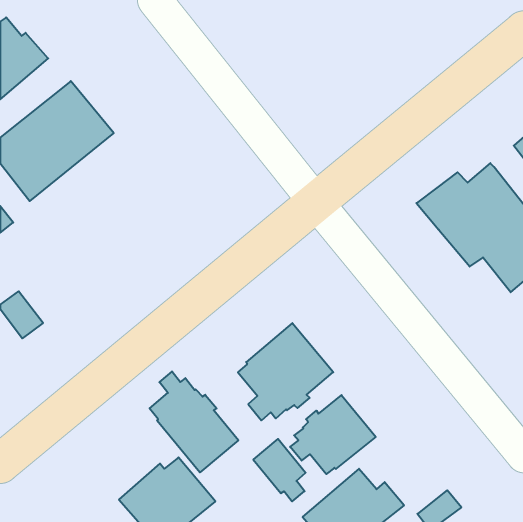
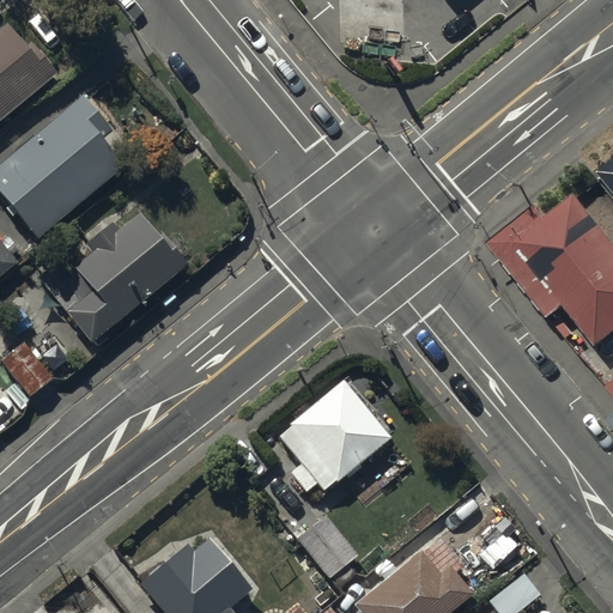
building: none -> [42,211,186,342]
building: [150,371,238,472] -> none
building: [290,395,376,474] -> none

